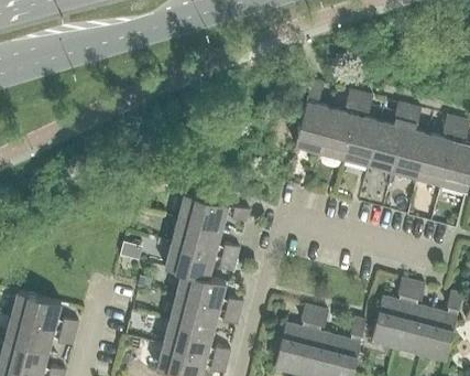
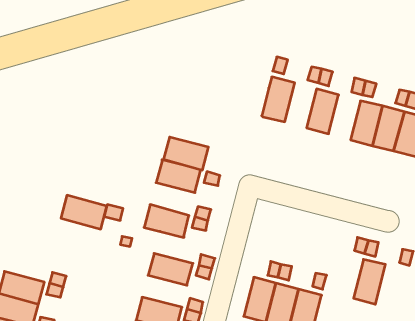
building: [320,108,356,158] -> none
building: [369,121,404,171] -> none
building: [172,218,221,255] -> [164,137,208,170]
building: [176,272,226,308] -> none
building: [11,291,62,329] -> [61,195,107,229]
building: [371,297,407,346] -> none
building: [420,309,457,359] -> none
building: [163,321,212,356] -> none

